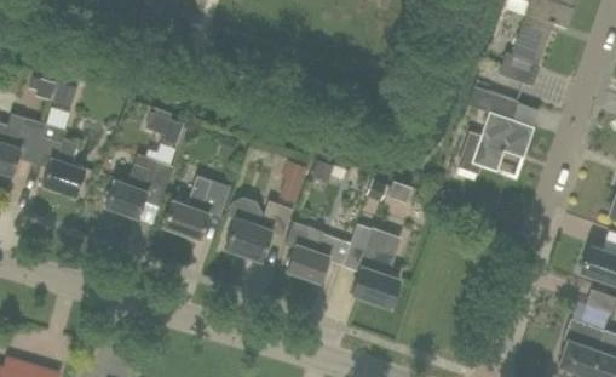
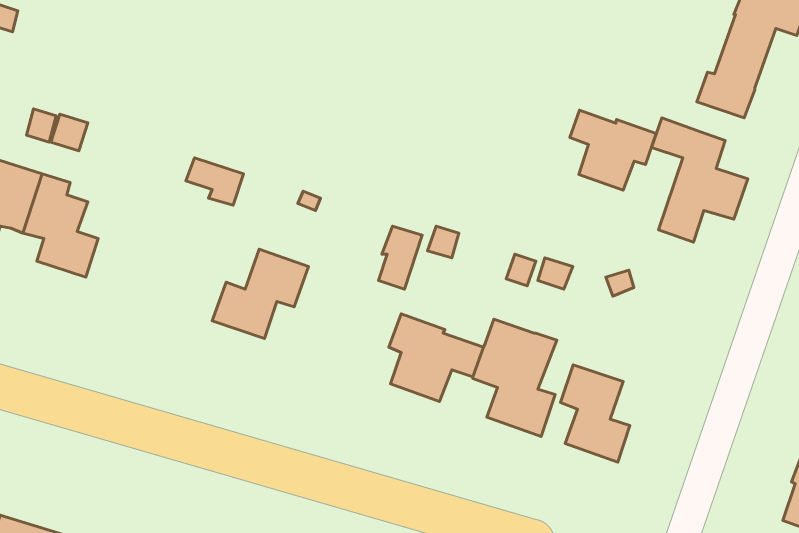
building: none -> [570,110,656,190]
building: [104,154,172,217] -> none
building: [225,195,293,259] -> none
building: none -> [560,365,630,462]

